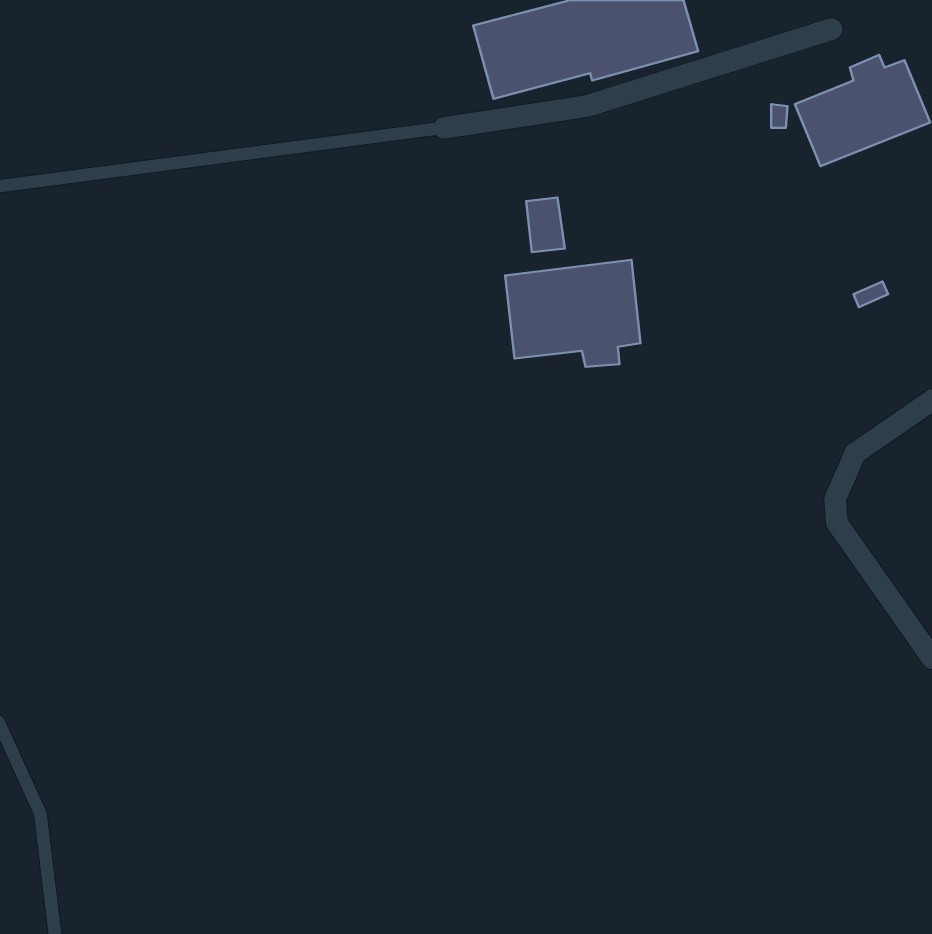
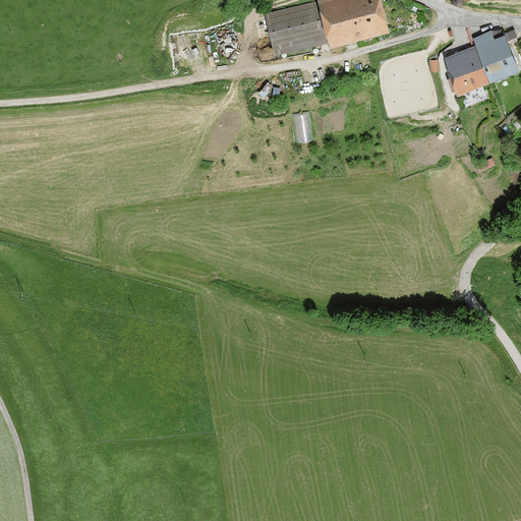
building: [505,260,641,367] -> none

